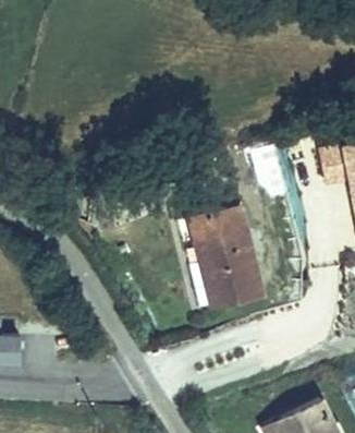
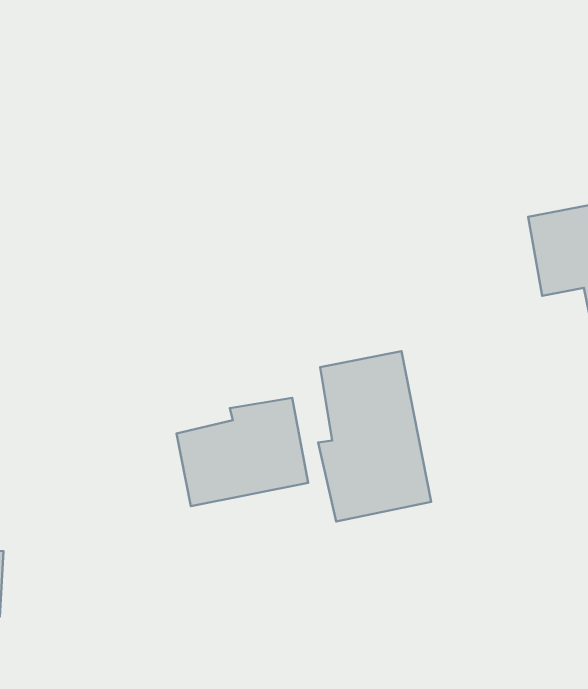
building: none -> [177,398,308,506]

